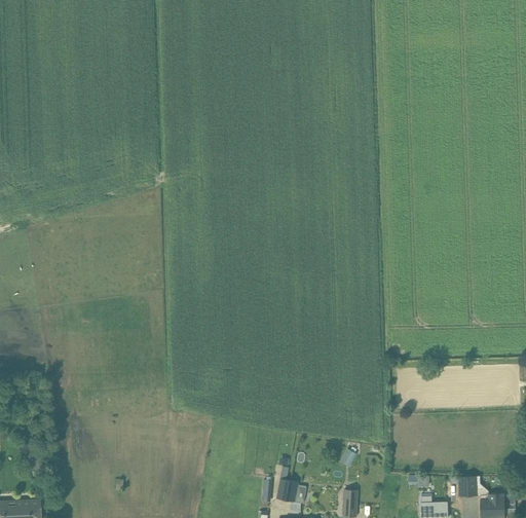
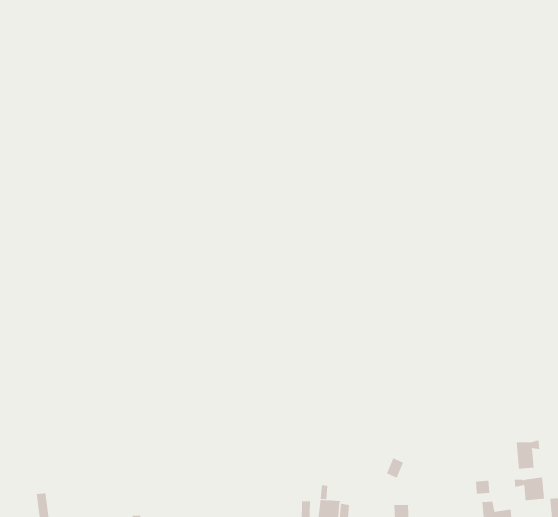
building: none -> [516,439,540,469]

